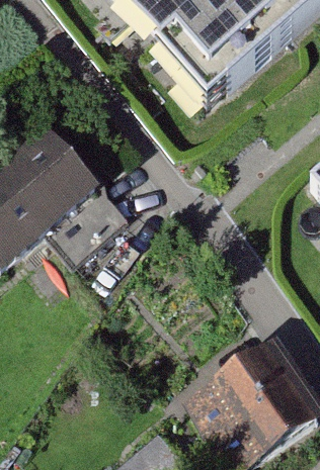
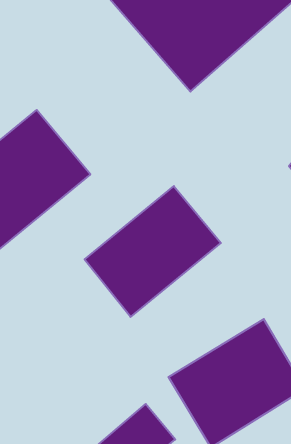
building: none -> [85,186,221,317]

